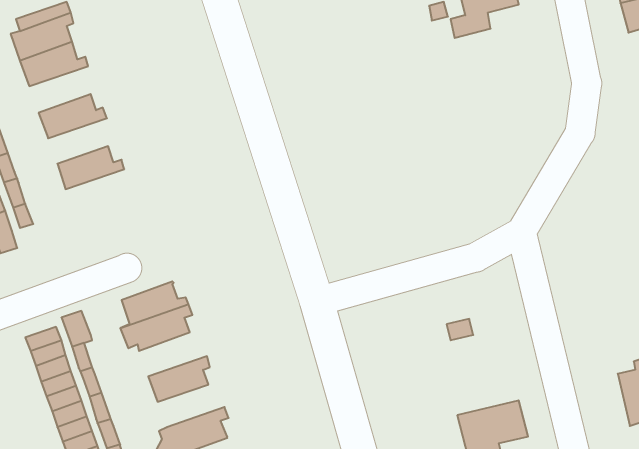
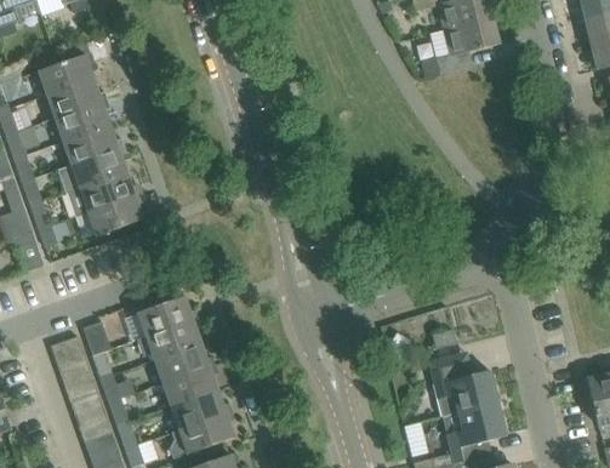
building: none -> [55,101,112,143]
building: none -> [58,148,127,194]
building: none -> [87,194,144,236]
building: none -> [154,342,216,382]
building: none -> [429,355,498,417]
building: none -> [171,389,232,428]

